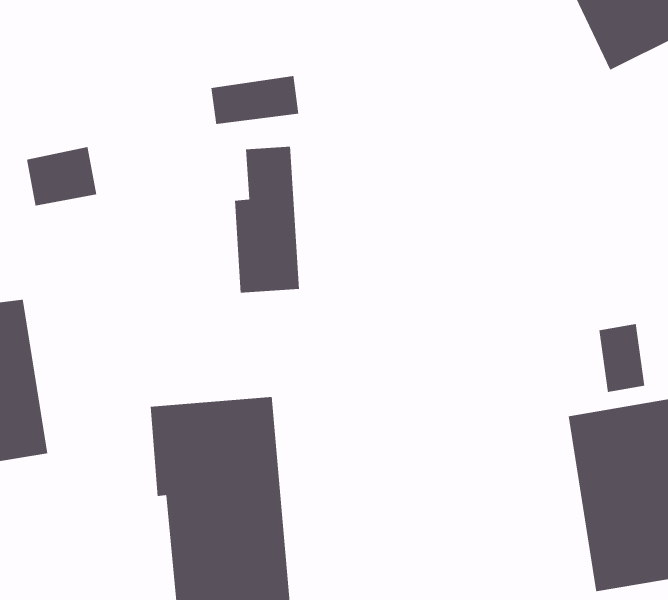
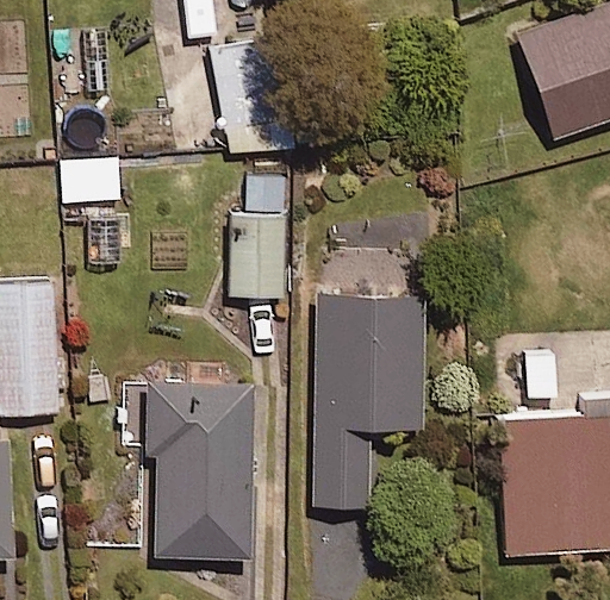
building: none -> [316,293,423,506]

